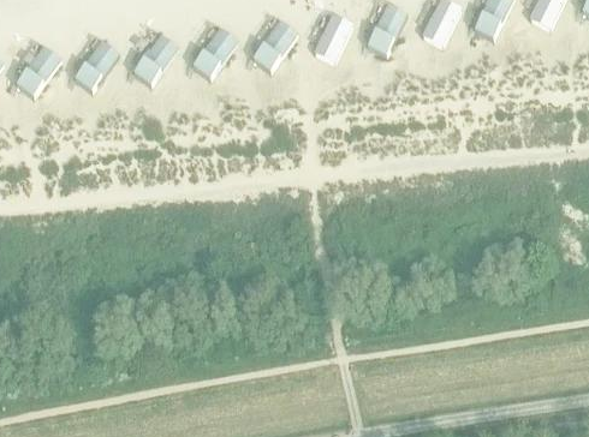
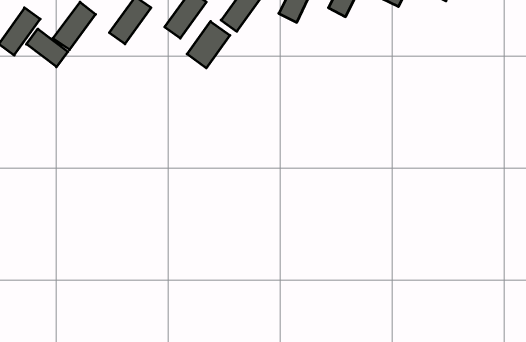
building: none -> [187,21,230,68]
building: none -> [26,29,68,67]

